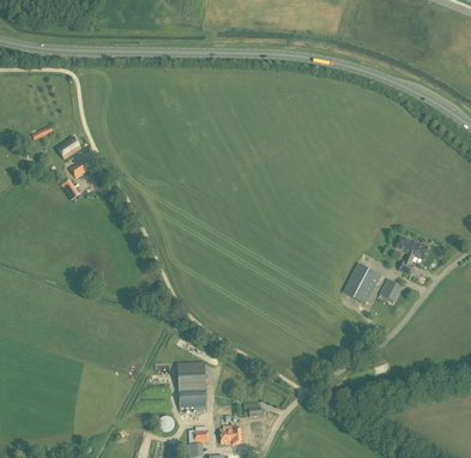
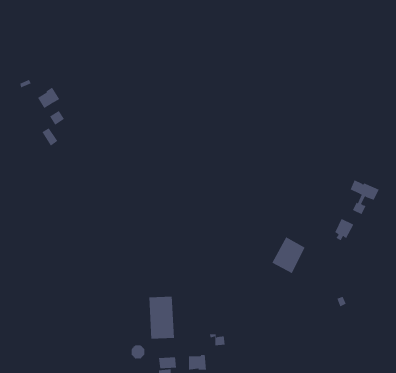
building: [343,261,380,302] -> [271,237,305,274]

